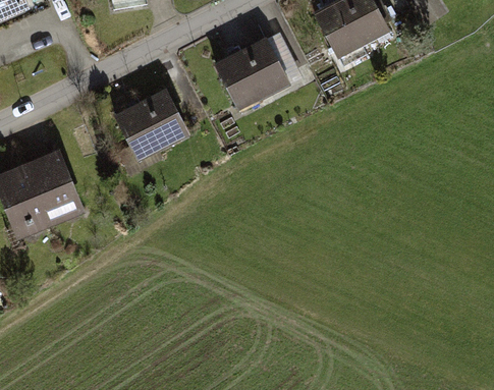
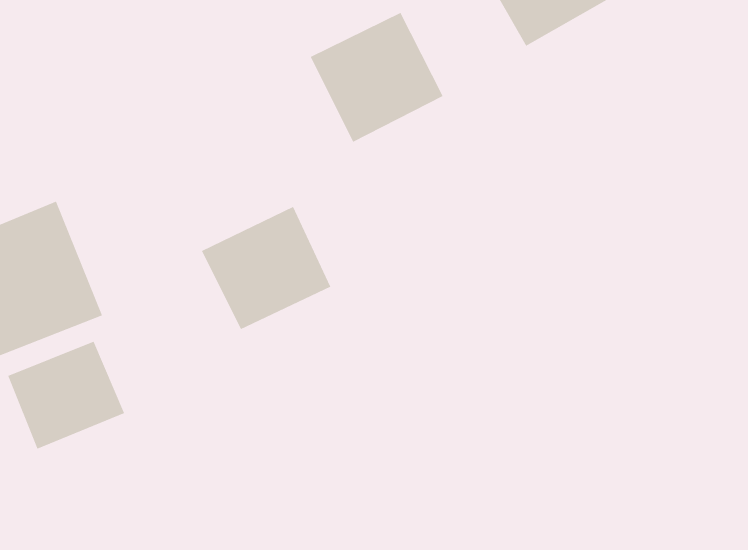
building: [114,87,191,160] -> [201,206,331,330]
building: none -> [7,341,125,449]

